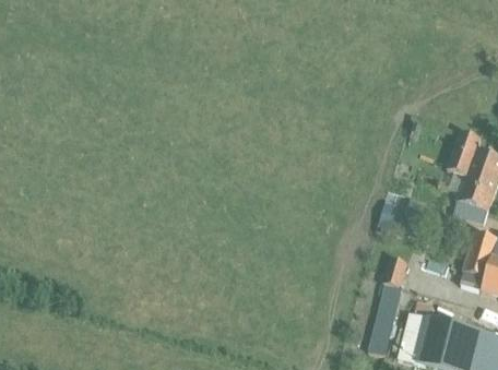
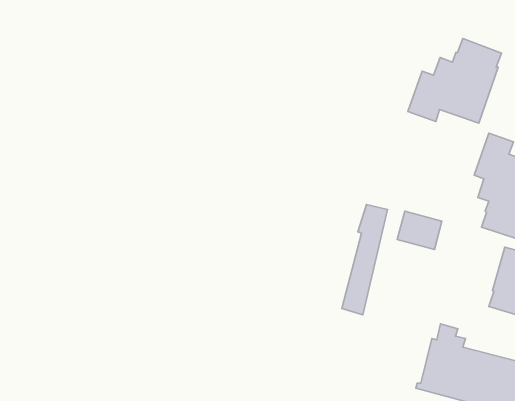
building: none -> [408,38,502,123]
building: [368,256,408,354] -> [342,205,388,315]

